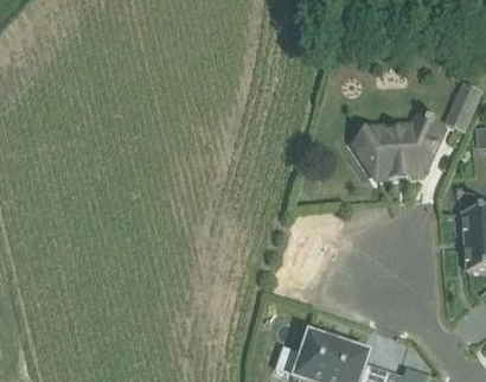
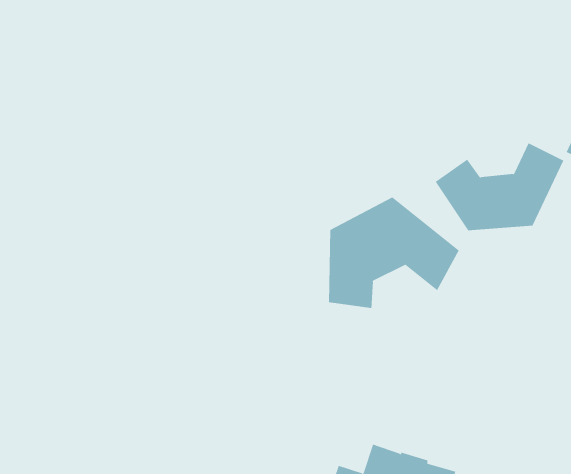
building: none -> [329,197,459,309]

